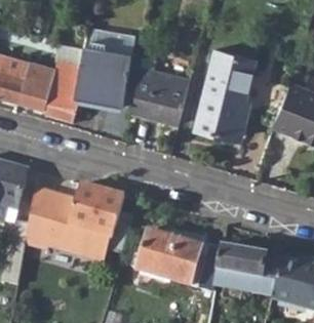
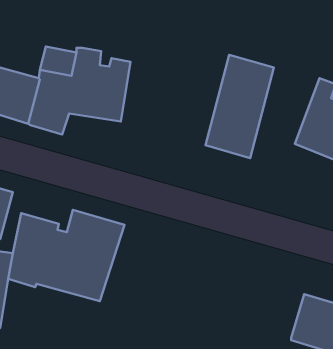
building: [88,26,134,58] -> none
building: [131,78,186,124] -> none
building: [138,230,201,286] -> none
building: [213,246,282,295] -> none

